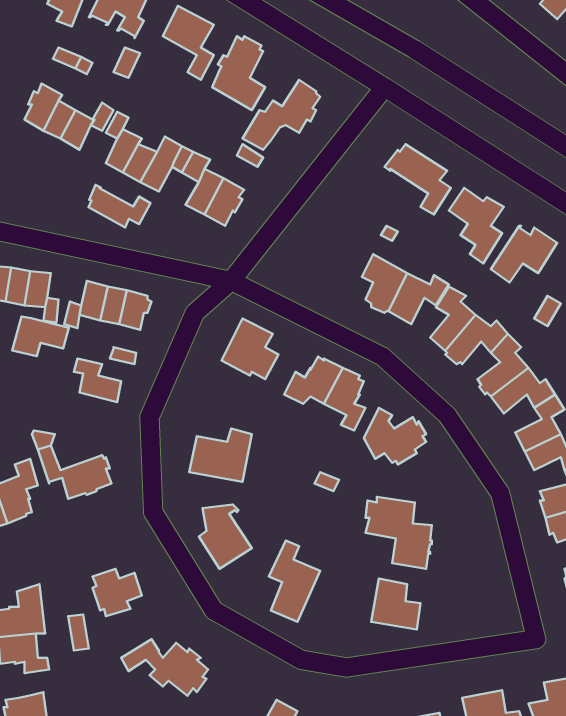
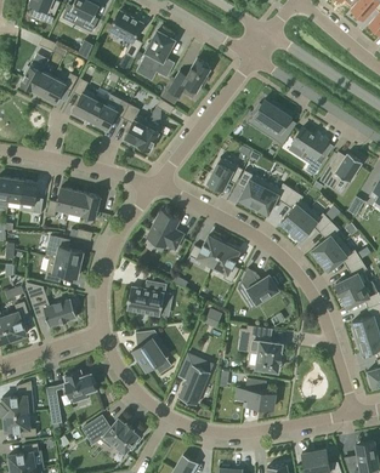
building: [89,185,150,227] -> none
building: none -> [206,158,243,190]
building: [12,316,69,356] -> [44,257,80,283]

